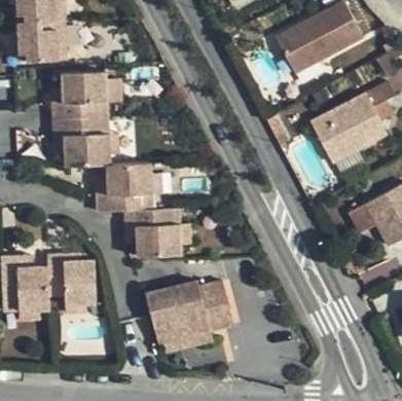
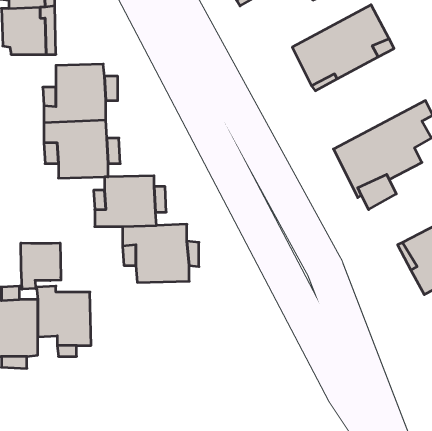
building: none -> [21,243,61,289]
building: [165,279,240,331] -> none

